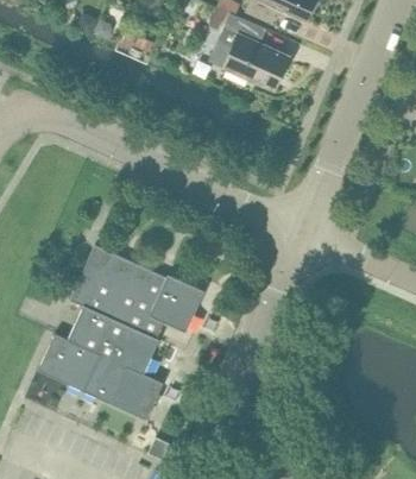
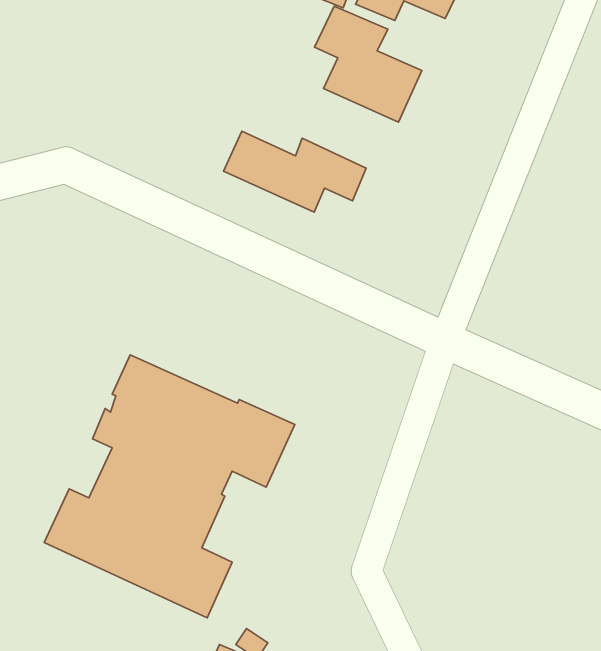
building: none -> [223,131,366,212]

